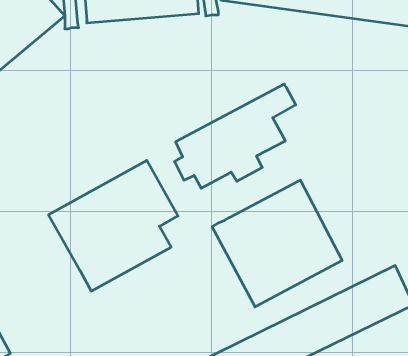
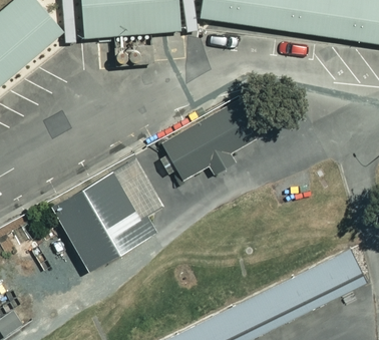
building: [212,180,342,307] -> none

